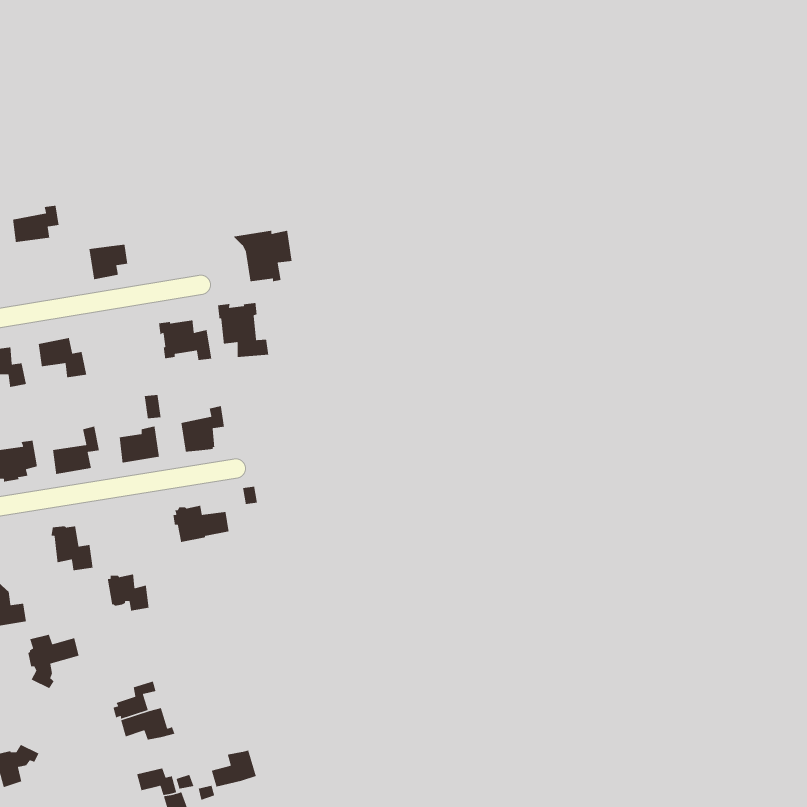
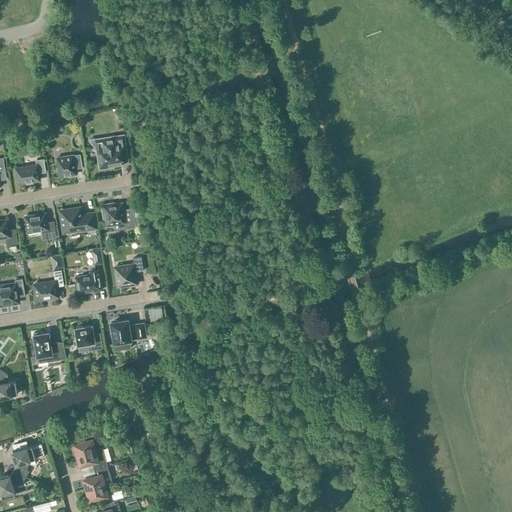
building: [12,205,59,243] -> [15,160,45,184]
building: [233,230,293,282] -> [88,136,126,169]
building: [217,302,269,358] -> none
building: none -> [60,209,95,232]
building: [107,573,150,611] -> [74,326,101,350]
building: [27,634,80,689] -> [11,442,44,477]
building: [211,749,257,787] -> [83,466,112,490]

